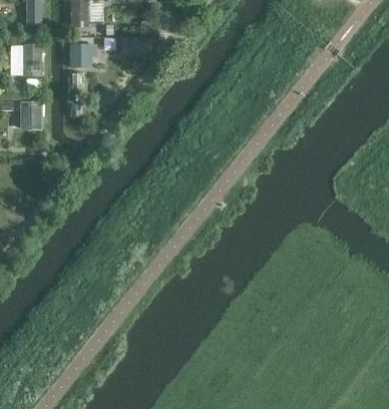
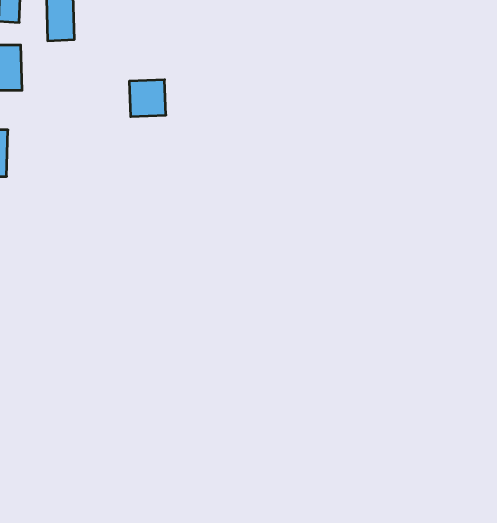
building: [69,42,95,68] -> [129,80,166,117]

